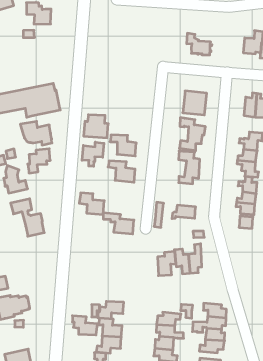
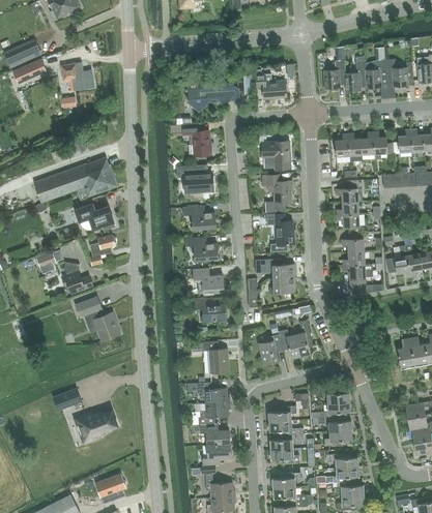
building: none -> [186,79,238,112]
building: none -> [181,123,210,155]
building: [84,115,108,138] -> [183,163,212,191]
building: [82,142,104,166] -> none
building: none -> [254,258,294,278]
building: [79,193,104,215] -> [193,268,223,292]
building: none -> [191,340,228,372]
building: [72,316,98,335] -> [195,382,226,403]

